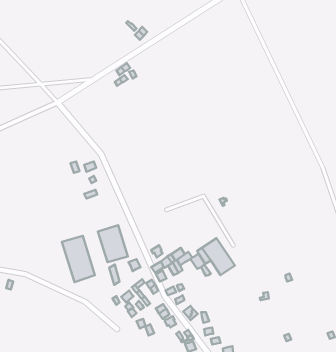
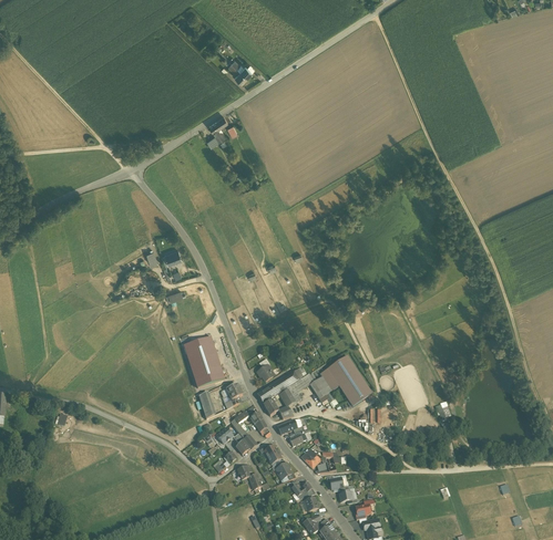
building: [62,236,95,282] -> none

